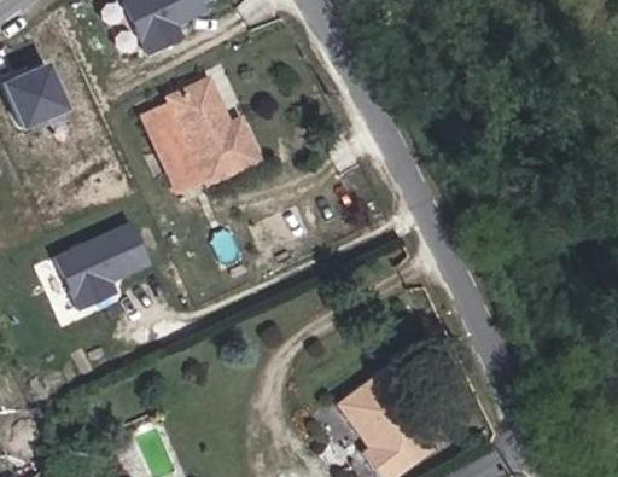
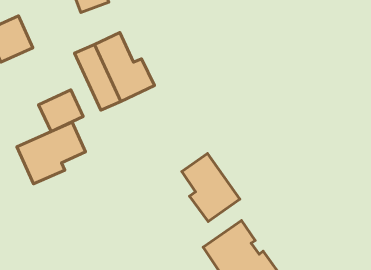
building: none -> [39,90,83,132]
building: none -> [182,154,240,222]

